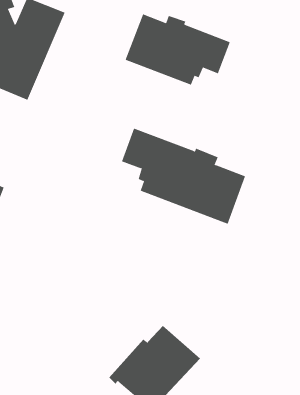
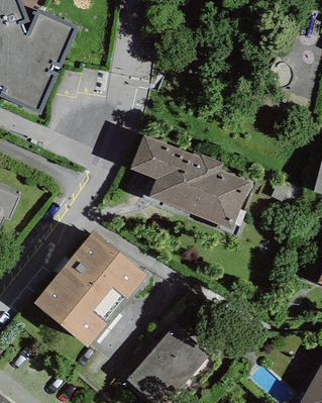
building: [125,14,231,86] -> none
building: none -> [33,231,146,346]

